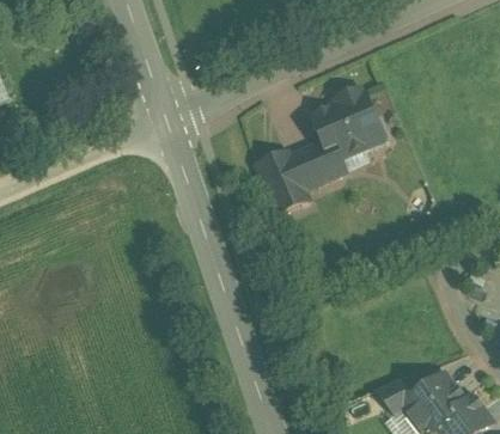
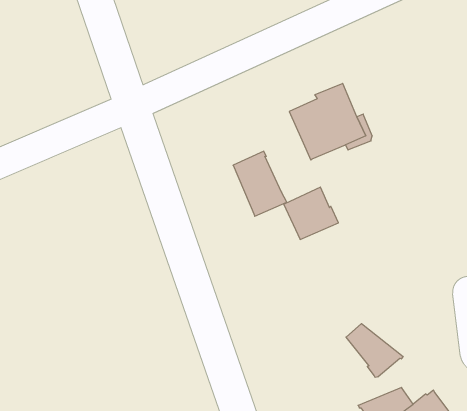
building: [288,141,340,190] -> [283,187,338,239]
building: none -> [346,324,403,377]

